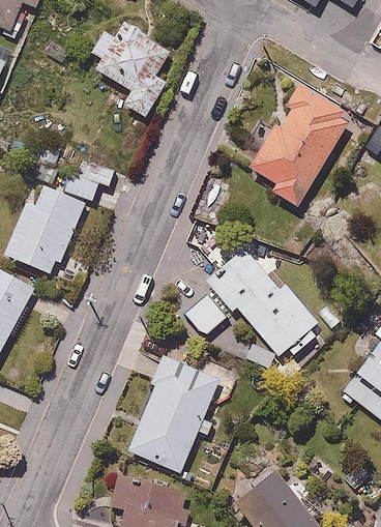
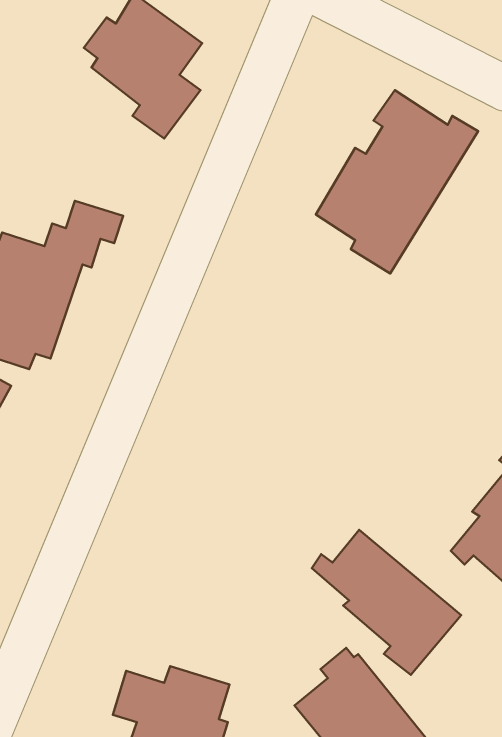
building: [181,237,319,358] -> none
building: [125,348,221,472] -> none
building: none -> [312,530,461,675]

